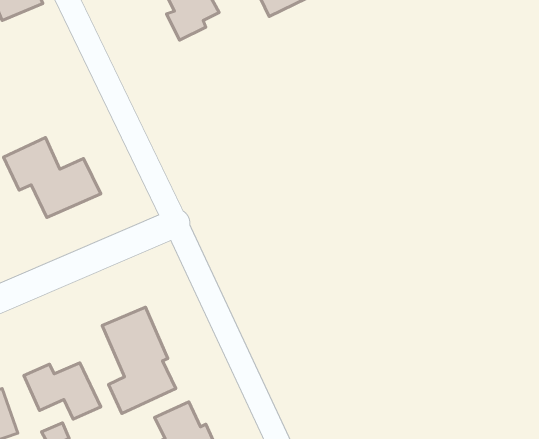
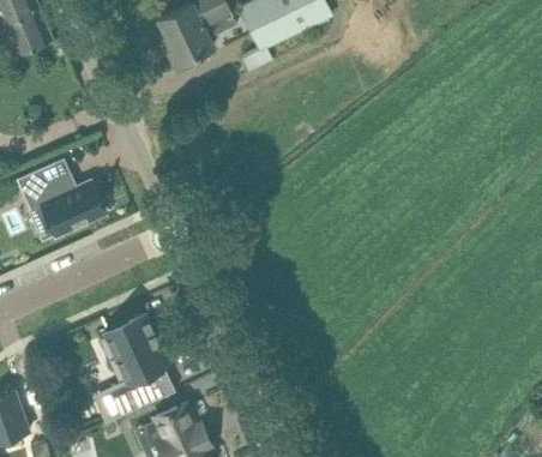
building: [24,363,101,419] -> none

